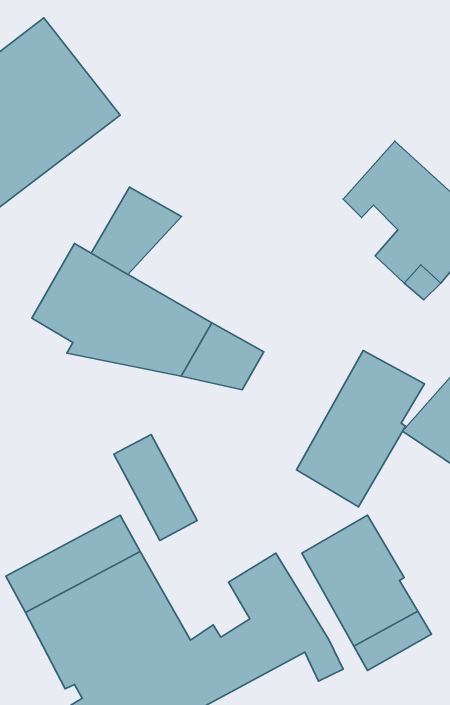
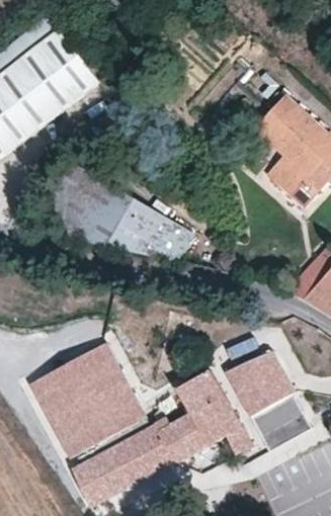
building: [91,187,182,274] -> none
building: [296,351,424,507] -> none
building: [114,434,197,540] -> none

